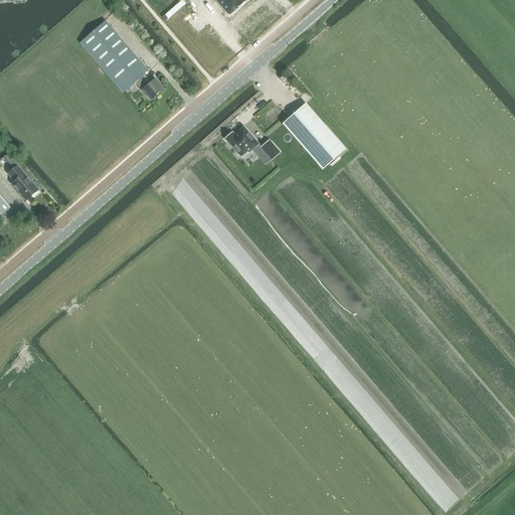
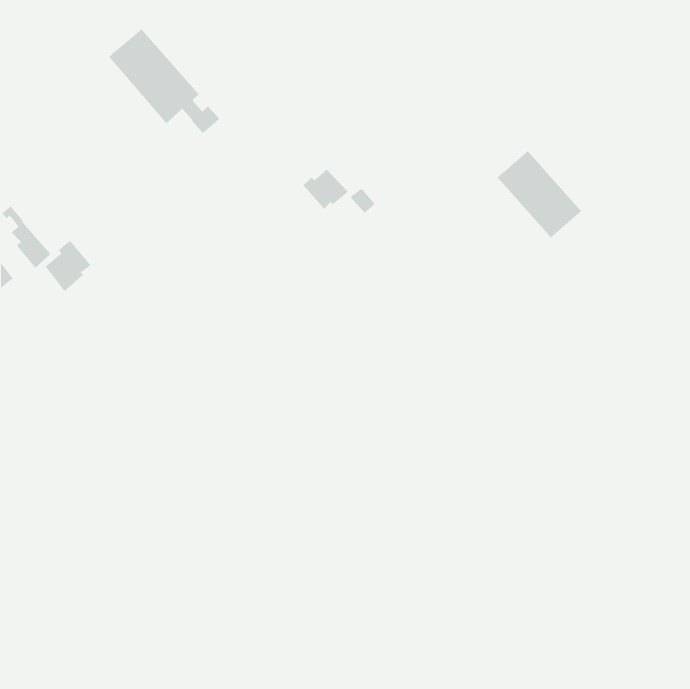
building: [283,103,346,168] -> [497,150,582,238]
building: none -> [45,240,91,292]

